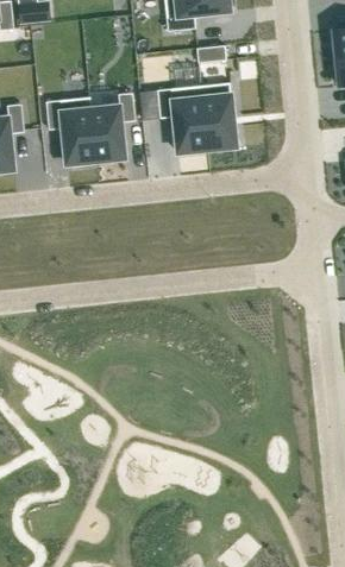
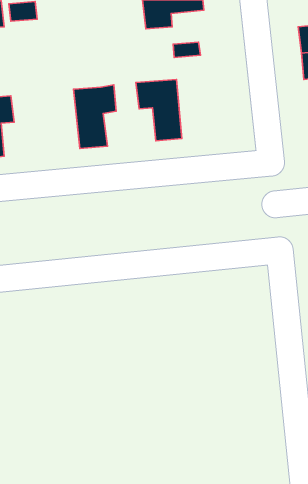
building: [200,83,236,151] -> none
building: [45,97,95,165] -> none

